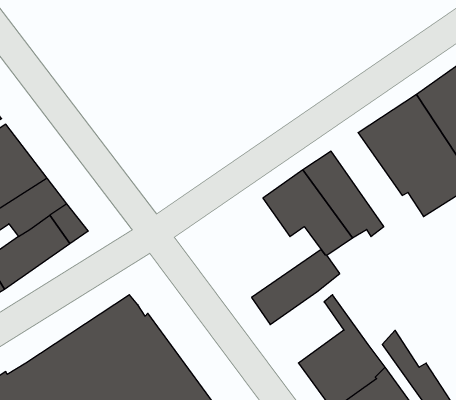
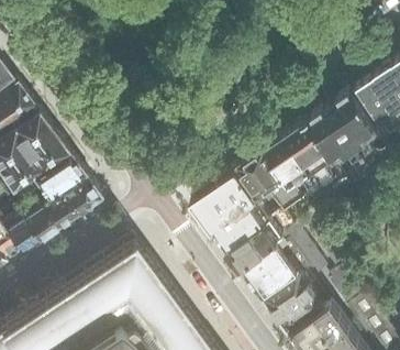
building: none -> [290,120,347,193]
building: none -> [193,171,282,248]
building: none -> [243,218,345,298]

